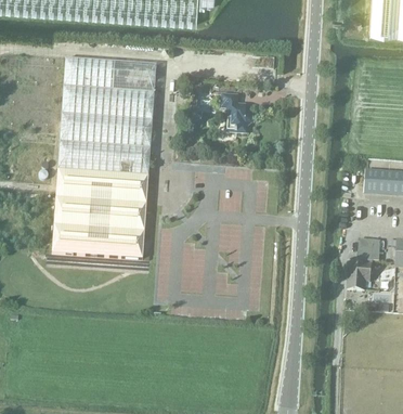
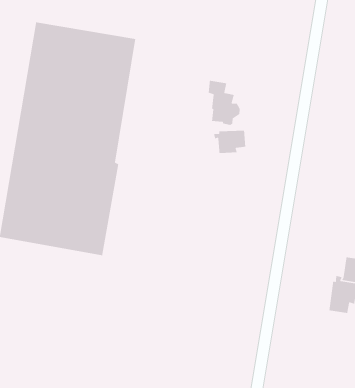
building: none -> [213,130,246,155]

